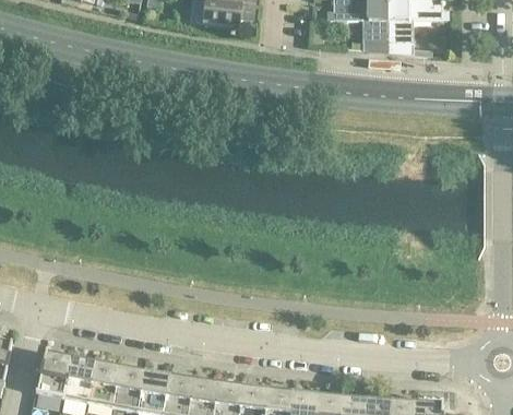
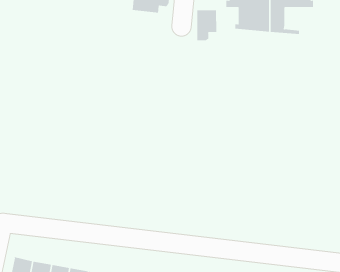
building: none -> [197,9,217,41]

